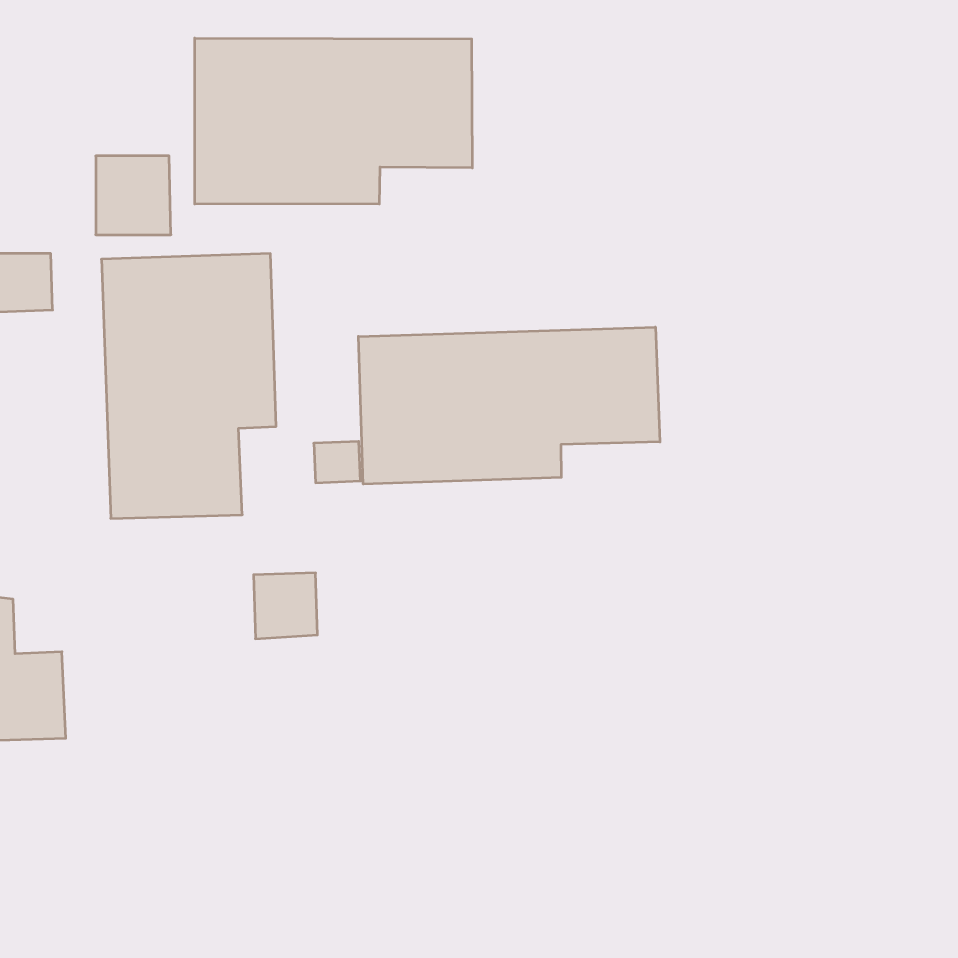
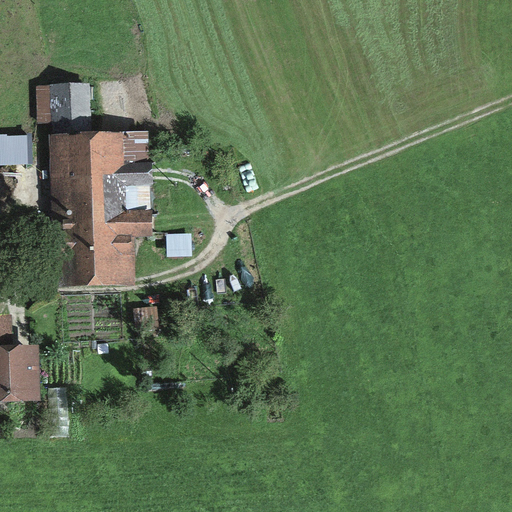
building: [195,38,472,204] -> none
building: [358,327,660,484] -> none

